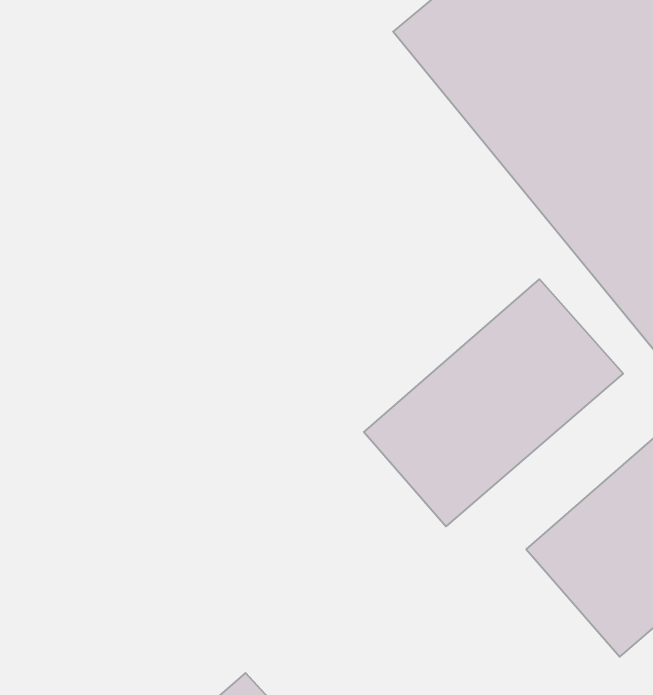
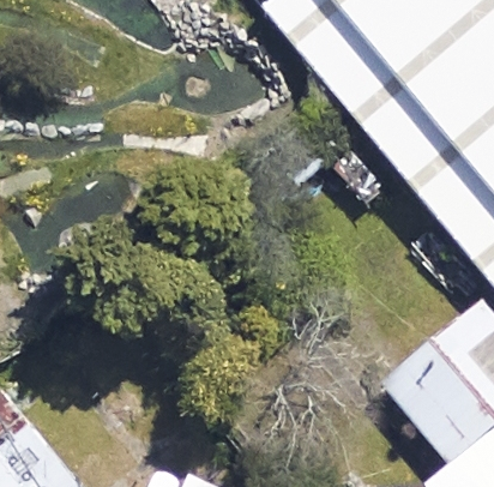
building: [364,279,623,526] -> none

